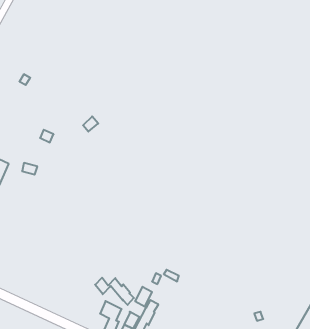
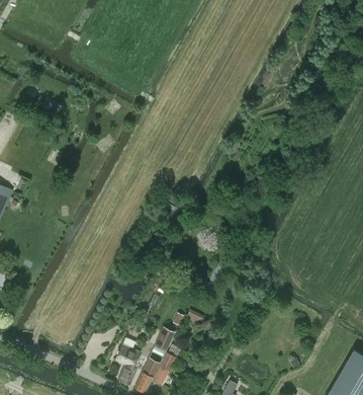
building: [95,278,134,305] -> none

